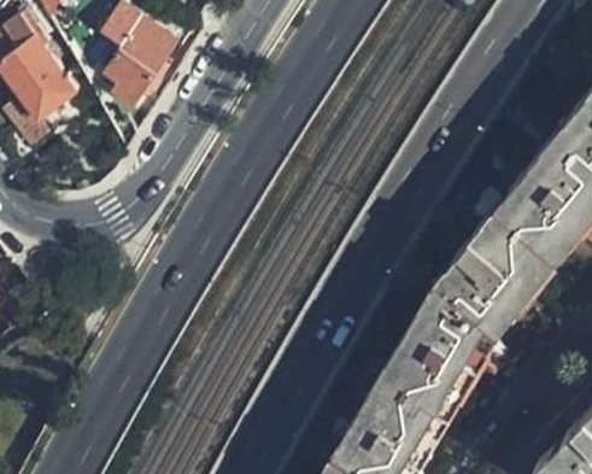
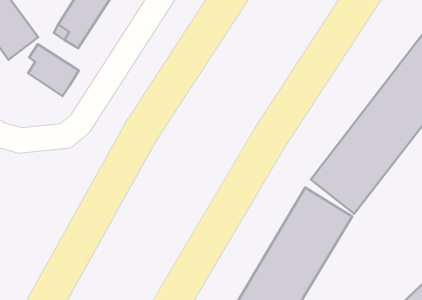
building: none -> [28,44,79,96]

